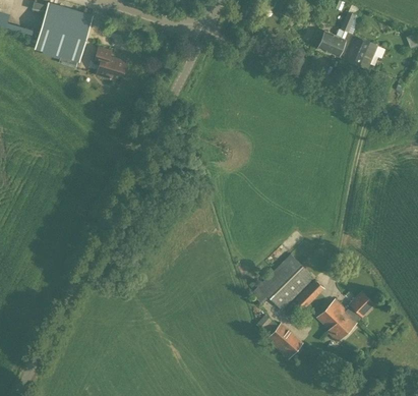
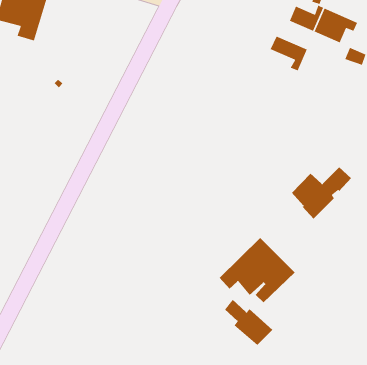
building: [93,47,126,80] -> none
building: none -> [270,36,308,71]
building: [316,291,374,342] -> [291,166,352,220]

